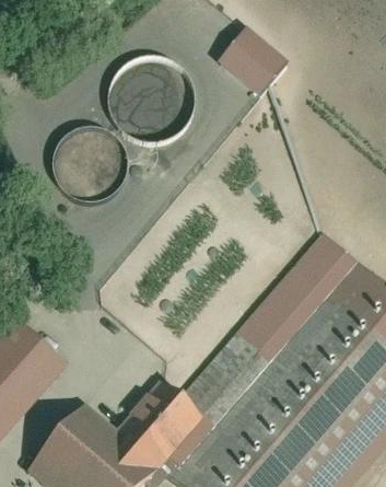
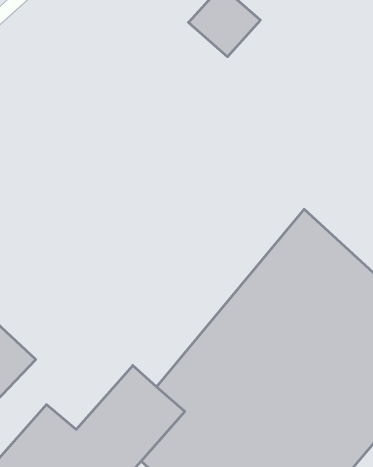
building: [113,61,183,131] -> none
building: [48,128,118,198] -> none

